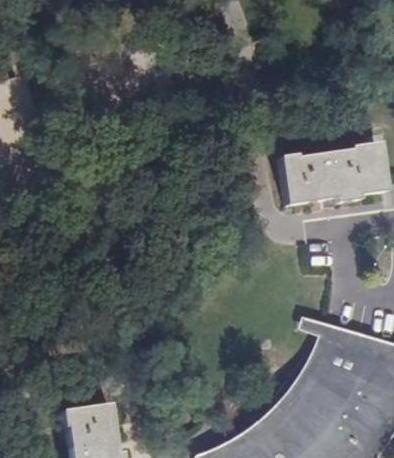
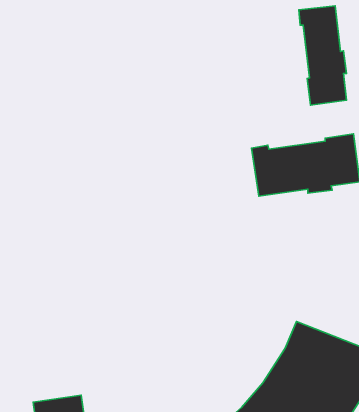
building: none -> [299,6,347,105]

